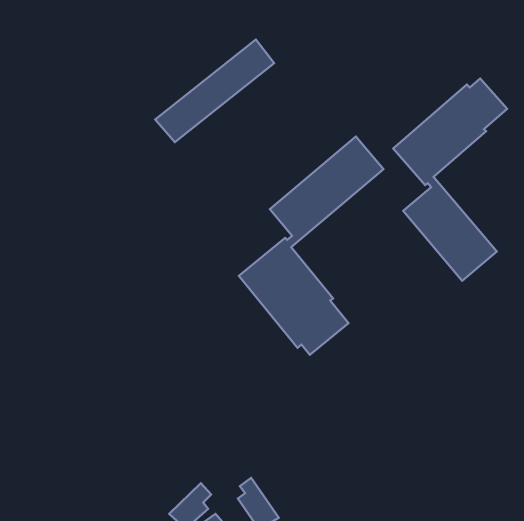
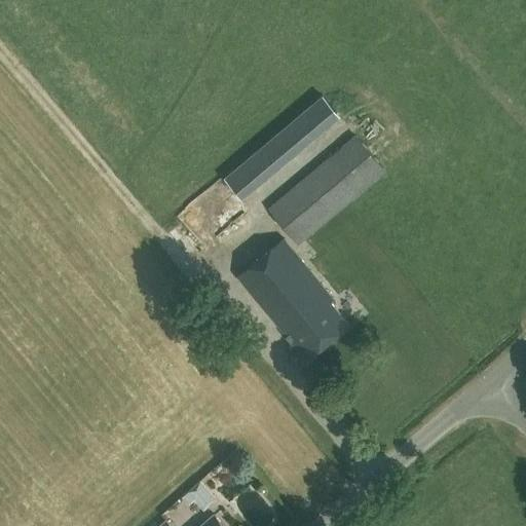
building: [155,40,274,142] -> [224,93,343,196]
building: [393,78,507,281] -> none

